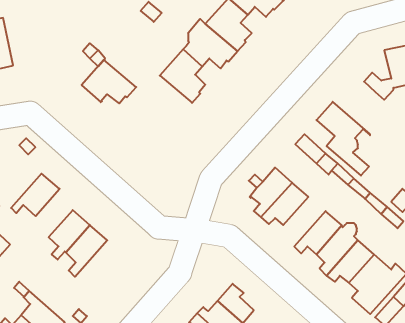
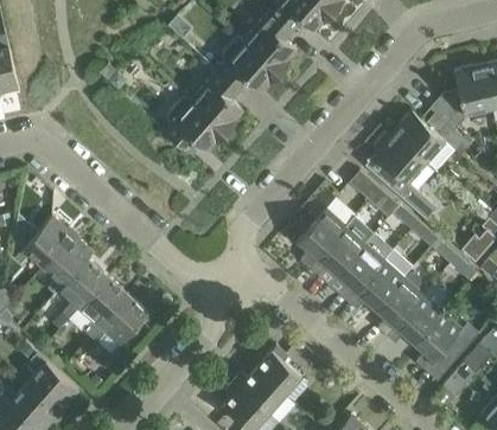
building: [82,60,136,103] -> [164,102,228,153]
building: none -> [393,111,470,171]
building: none -> [44,235,93,291]
building: none -> [334,244,384,302]
building: none -> [90,295,148,346]

